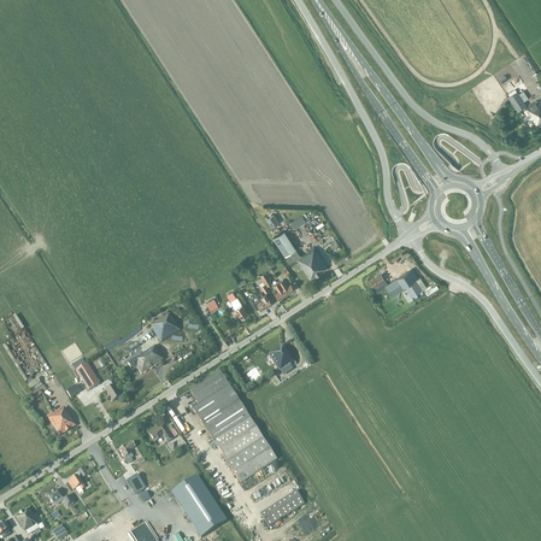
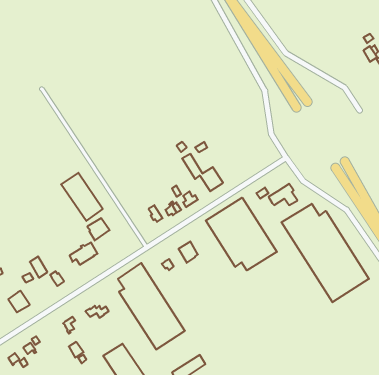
building: none -> [61,173,103,221]
building: none -> [206,198,277,270]
building: none -> [281,204,369,302]

